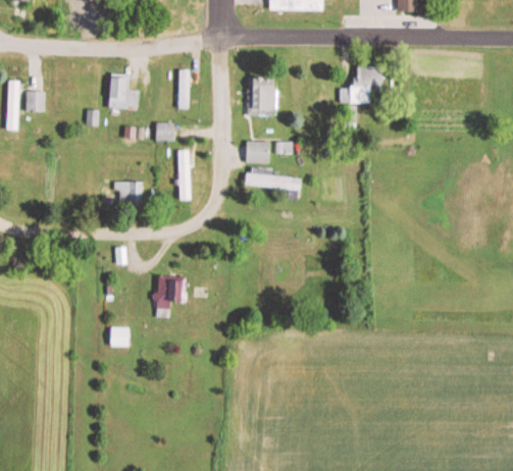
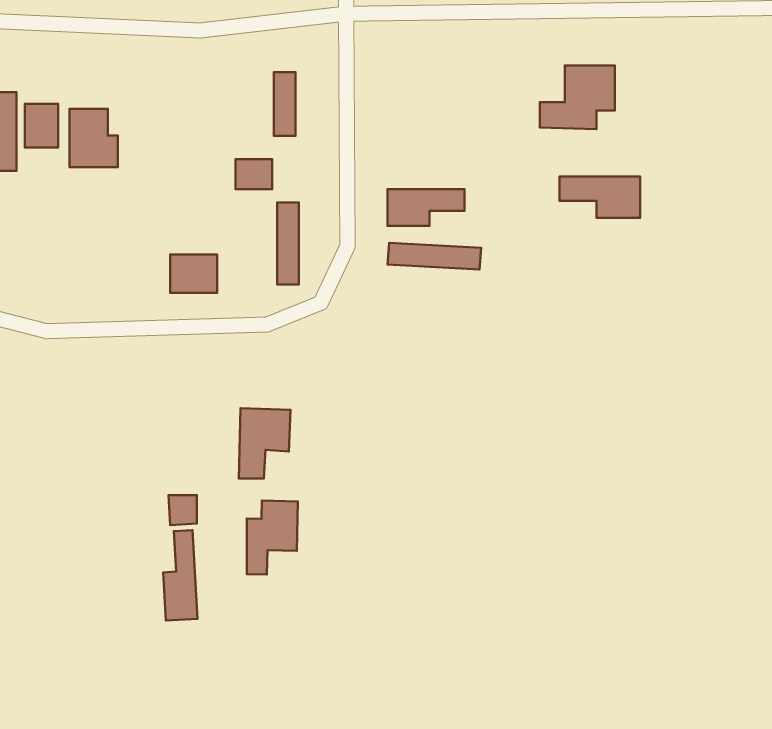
building: [108,72,138,108] -> [69,109,118,167]
building: [250,75,277,109] -> none
building: none -> [560,176,640,218]
building: none -> [247,501,298,575]
building: none -> [163,530,198,621]

